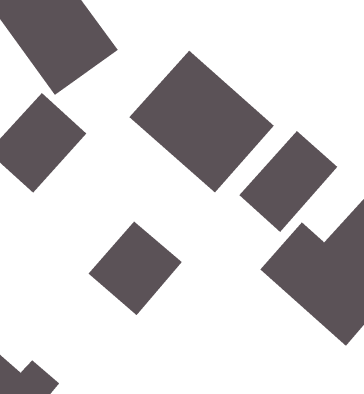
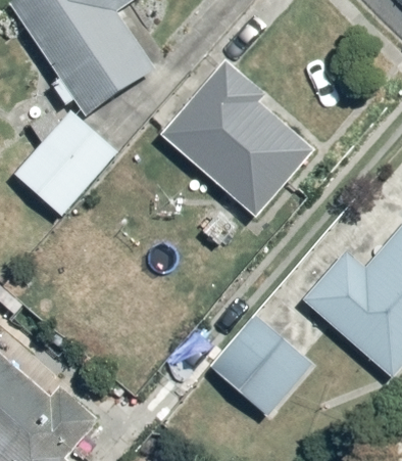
building: [239,130,338,233] -> none
building: [88,221,183,316] -> [194,310,295,411]

